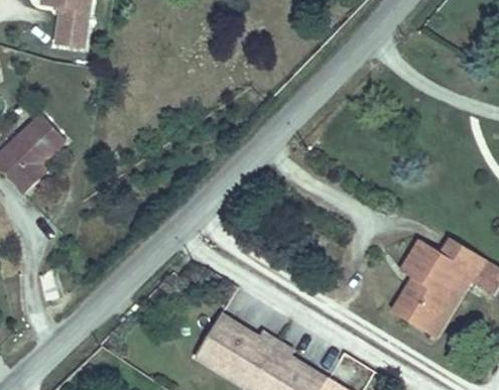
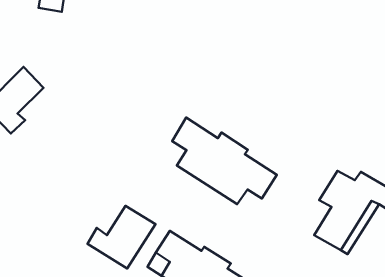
building: none -> [172,118,277,204]
building: none -> [87,206,156,269]

